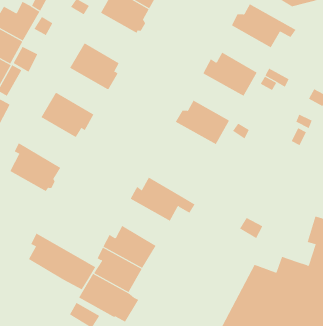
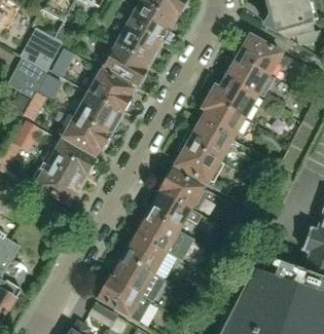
building: none -> [103,43,149,85]
building: none -> [225,54,269,97]
building: none -> [76,92,122,134]
building: none -> [200,98,245,140]
building: none -> [43,140,96,182]
building: none -> [175,141,228,193]
building: none -> [158,169,204,209]
building: [28,233,96,290] -> [136,210,196,261]

